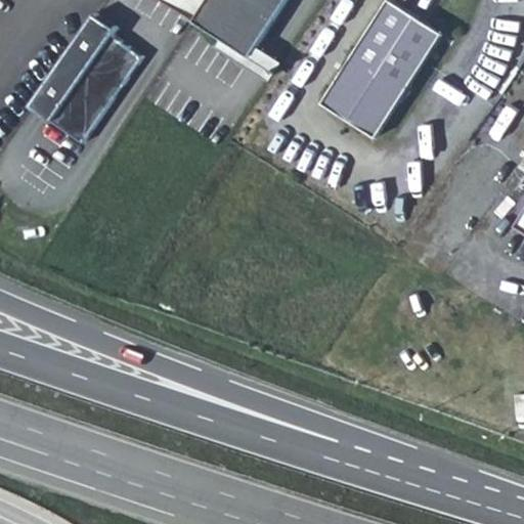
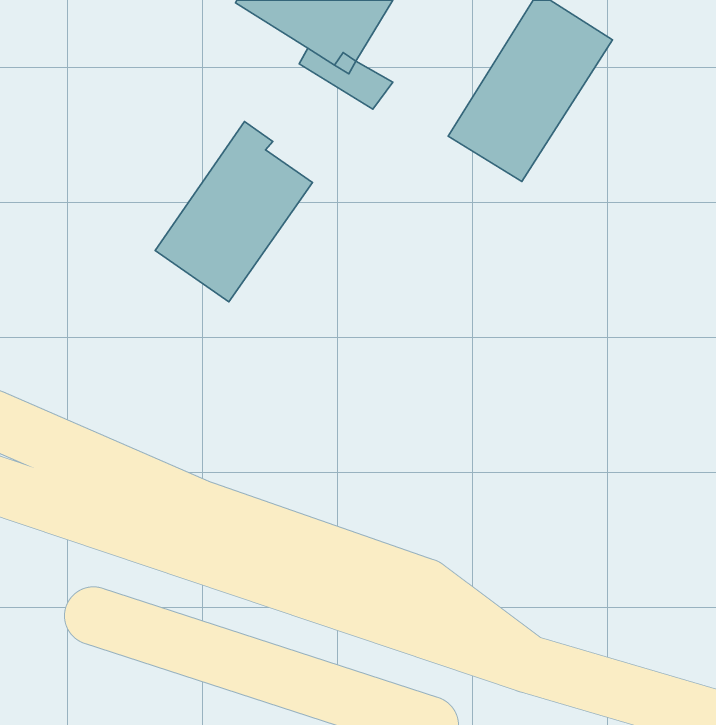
building: [26,16,139,146] -> [155,121,312,302]

